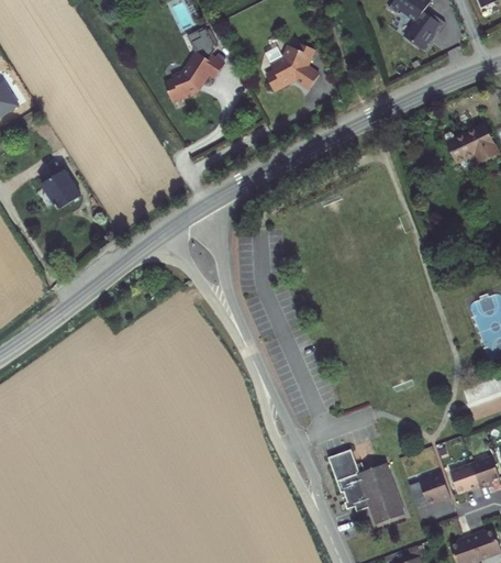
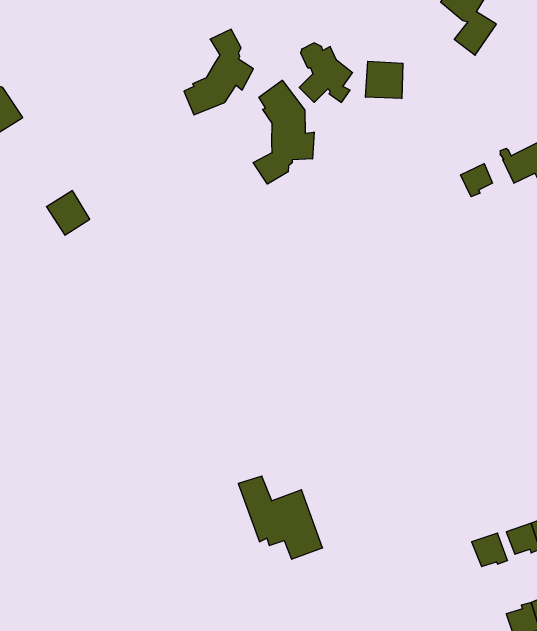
building: none -> [366,61,403,99]
building: none -> [253,80,314,184]
building: none -> [460,164,493,197]
building: [329,451,403,525] -> [238,476,323,559]

